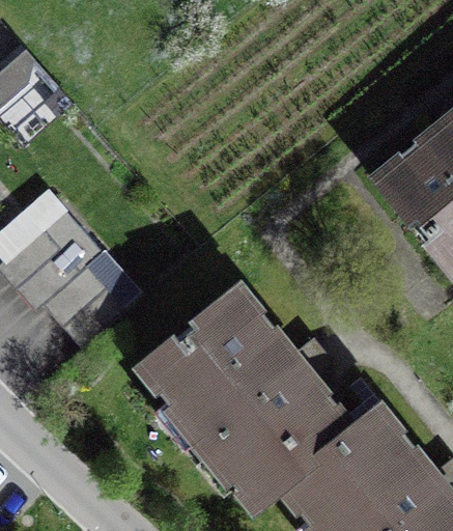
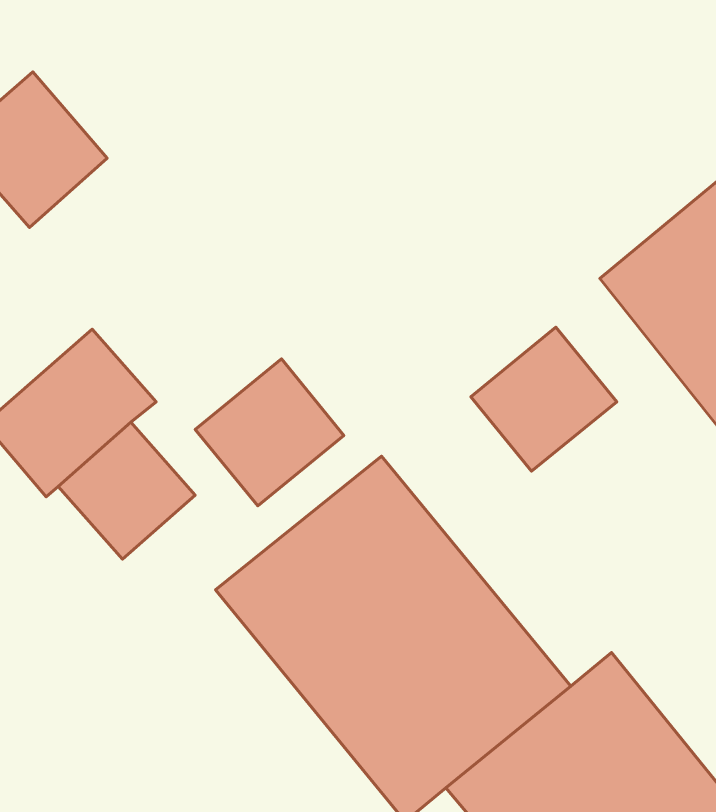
building: none -> [471,327,617,471]
building: none -> [195,359,344,506]

